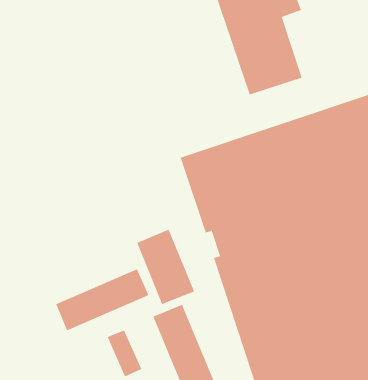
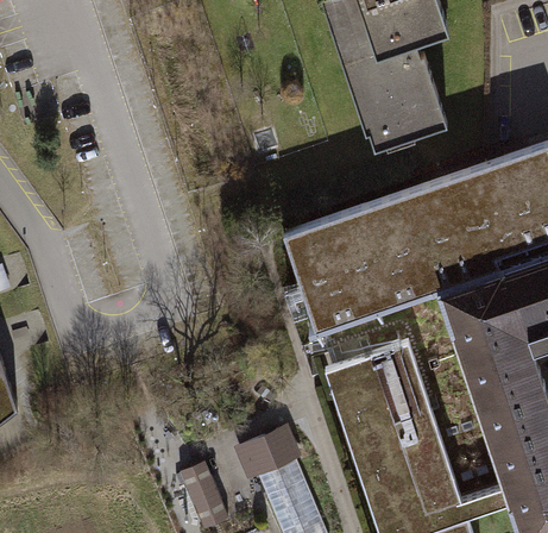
building: [136,229,195,305] -> none
building: [56,269,149,331] -> none

